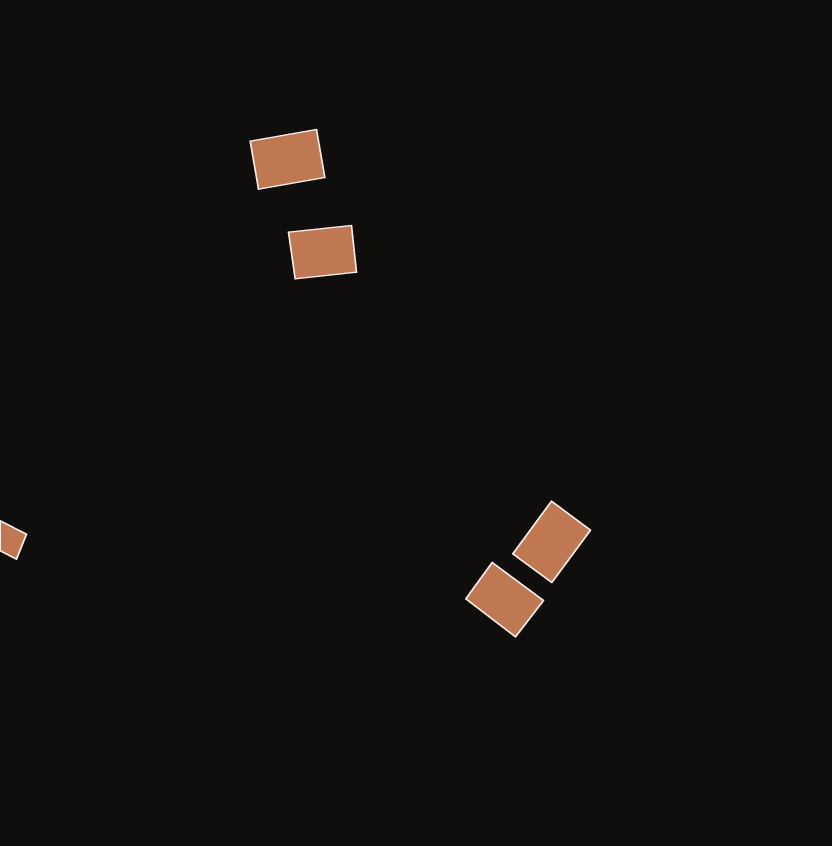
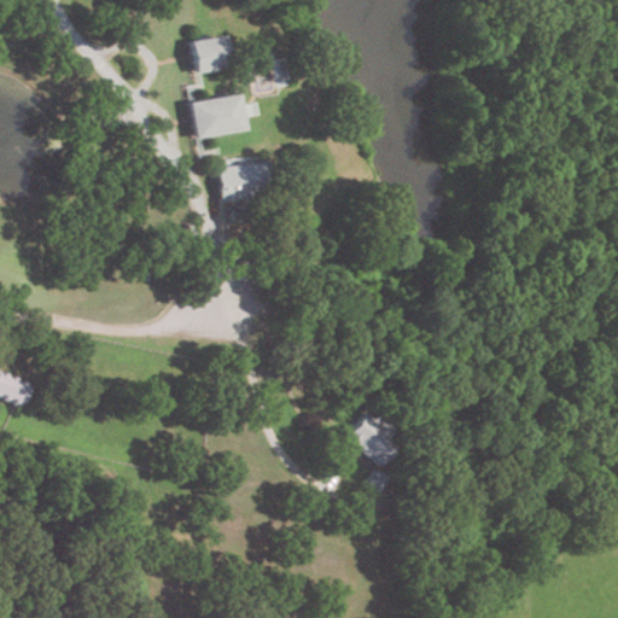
building: none -> [191,35,232,72]
building: [513,501,591,583] -> none

